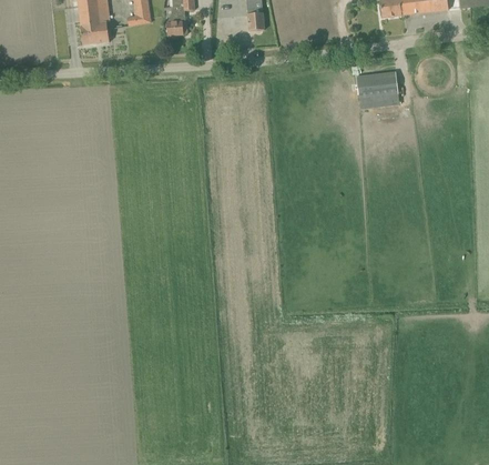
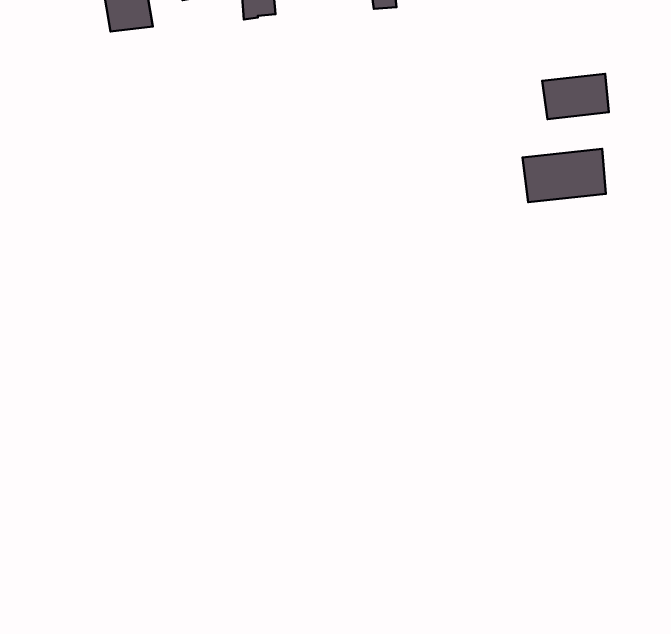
building: none -> [522,149,606,202]

